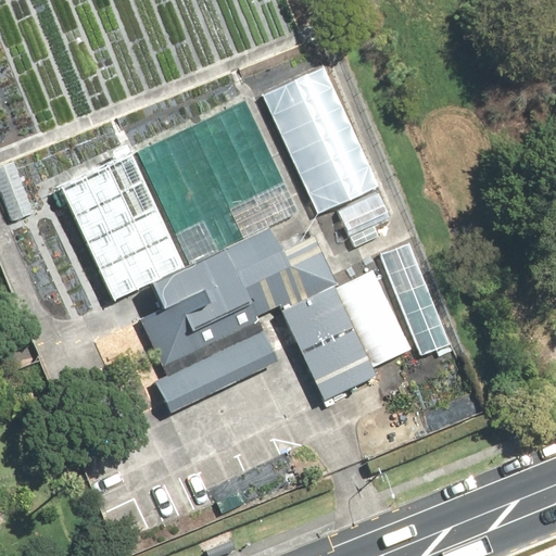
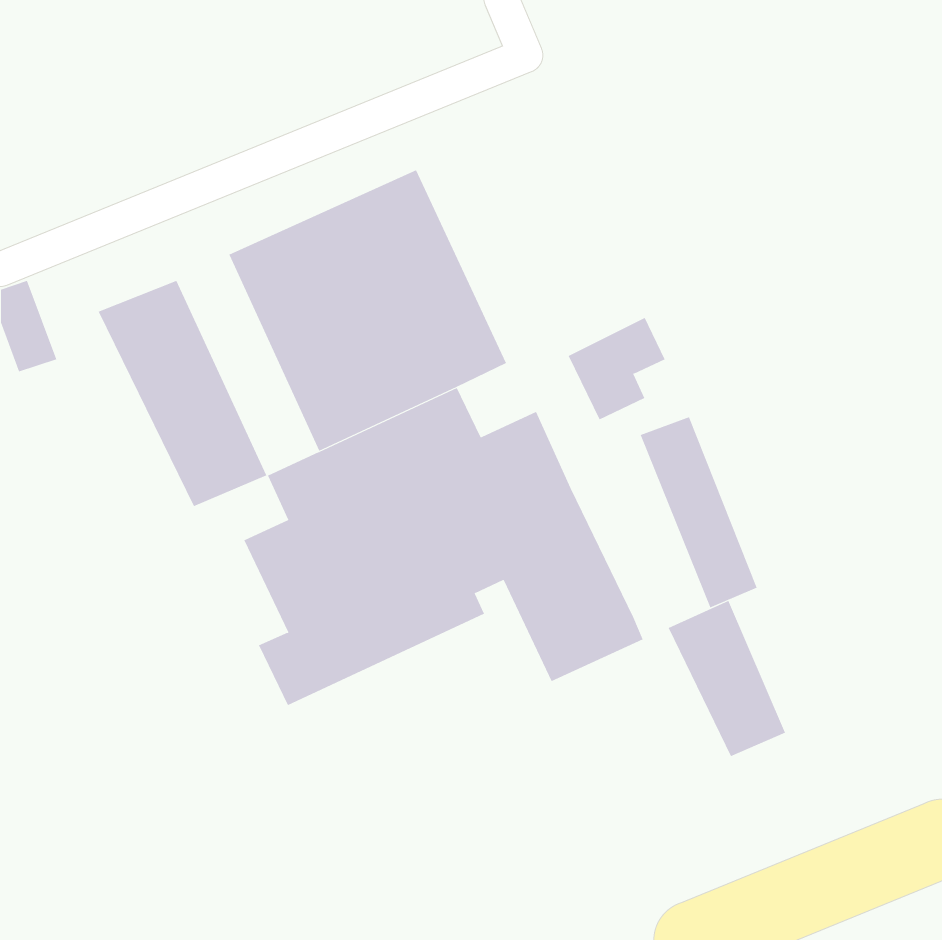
building: [263,64,379,211] -> none
building: [104,150,188,280] -> none
building: [337,271,406,364] -> [668,600,786,757]

